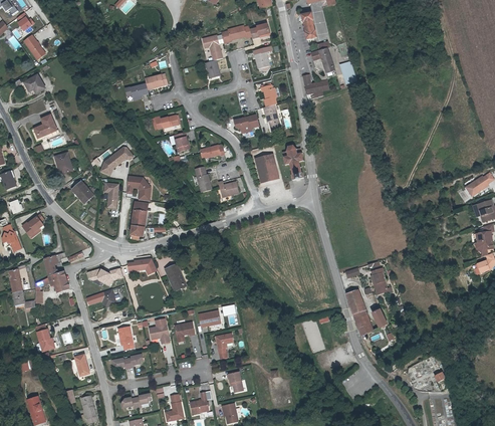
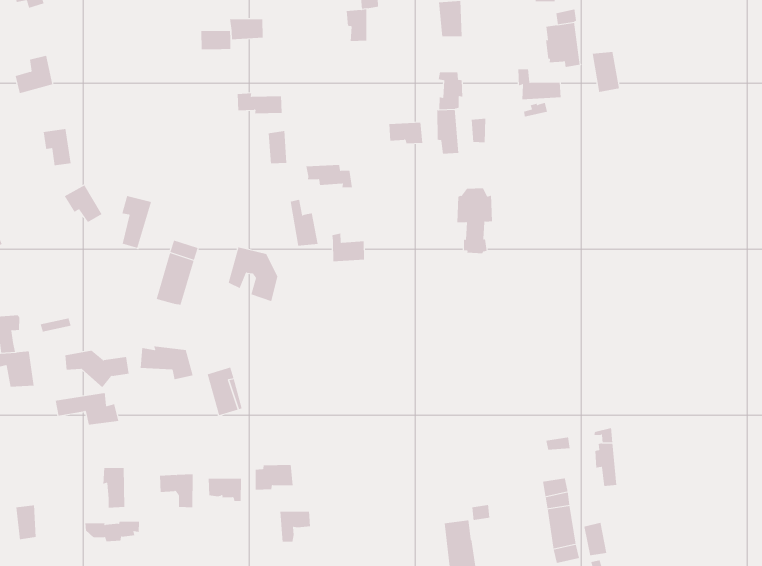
building: [99,147,134,175] -> none
building: [253,152,278,182] -> none
building: [125,175,151,201] -> [228,247,278,302]

